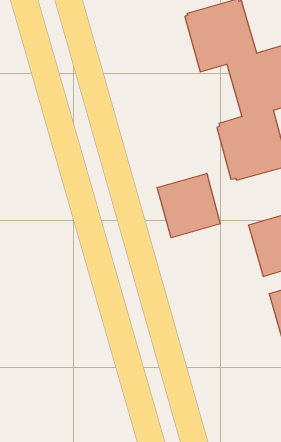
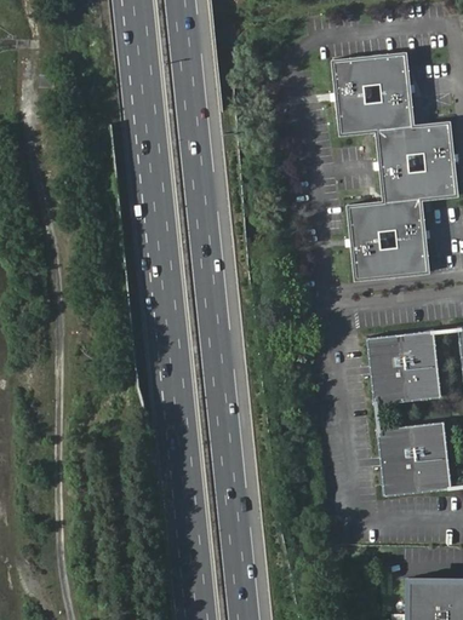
building: [157,173,220,238] -> none

